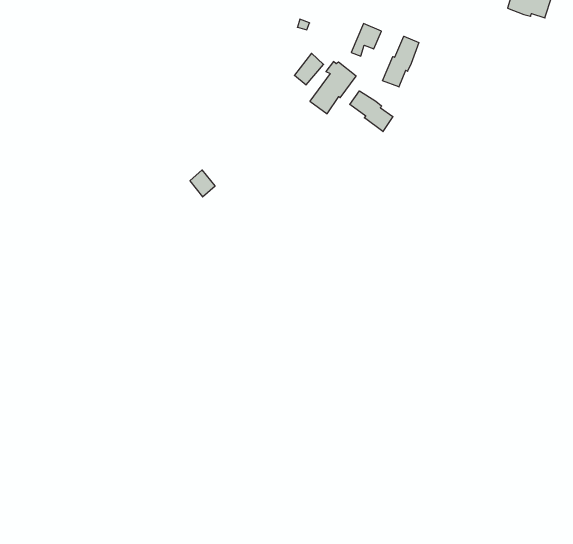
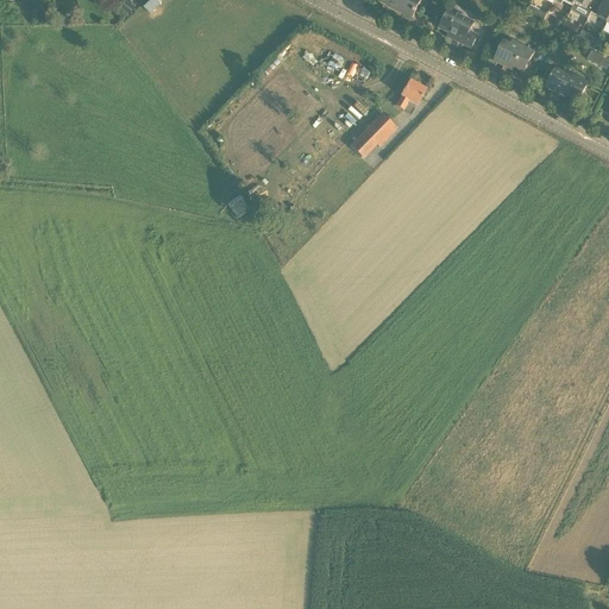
building: [382,36,419,87] -> none
building: [350,91,393,132] -> none

